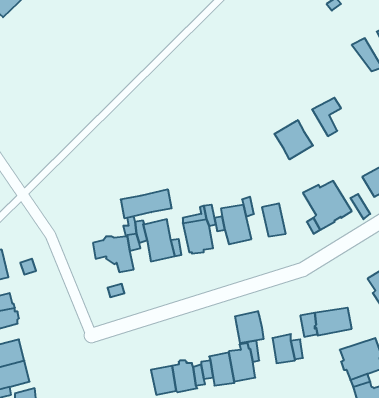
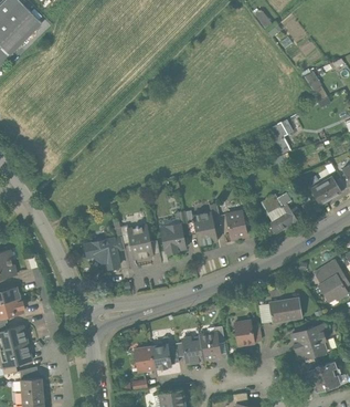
building: [274,120,313,159] -> none
building: [121,189,172,218] -> none
building: [235,311,263,343] -> none

